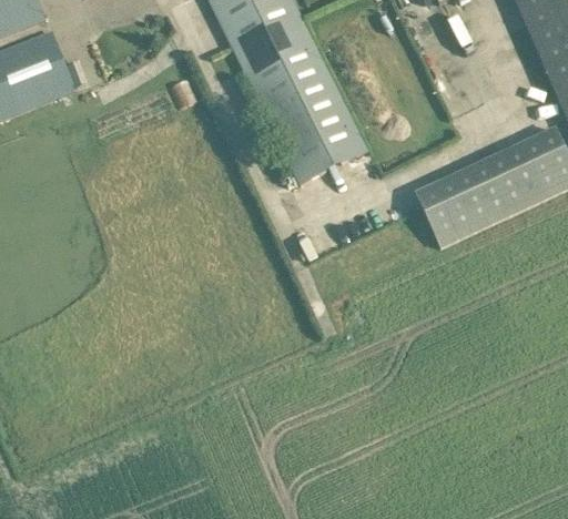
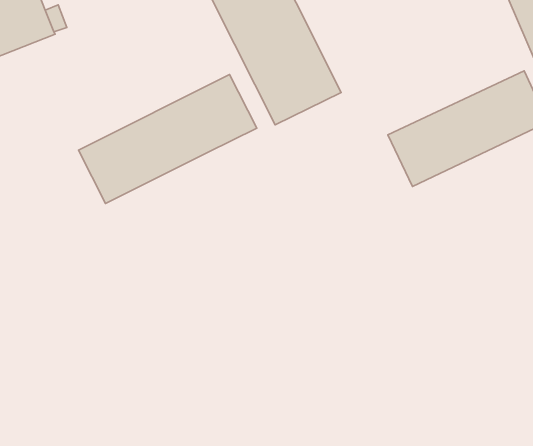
building: none -> [78,75,257,204]

